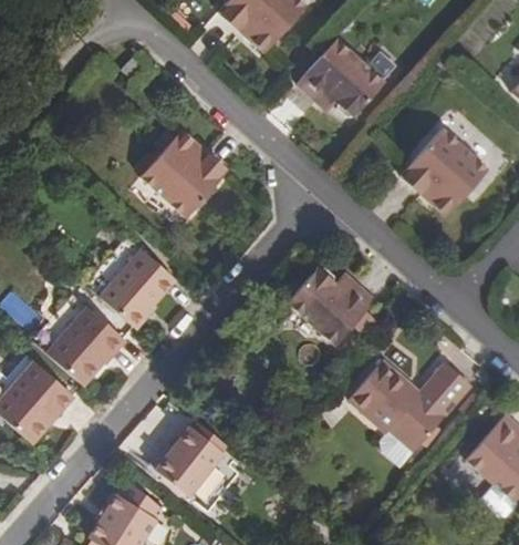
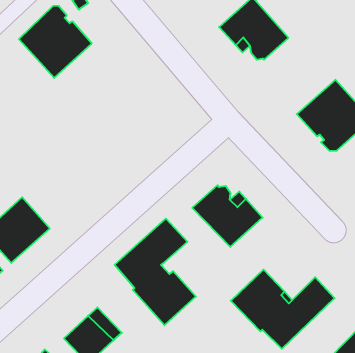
building: [141,131,227,216] -> [19,6,92,78]
building: [100,247,177,327] -> none
building: none -> [115,219,196,325]

